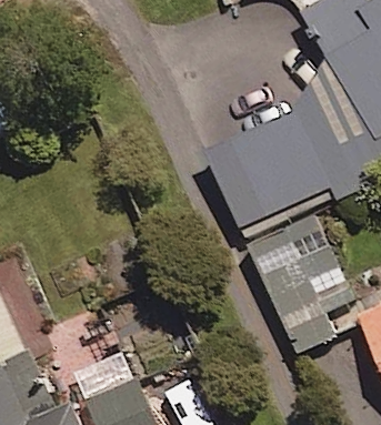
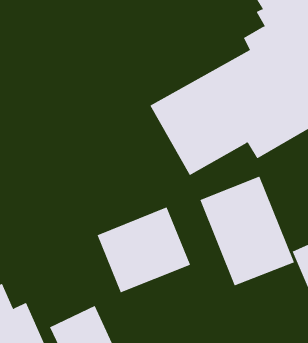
building: none -> [97,207,191,293]

